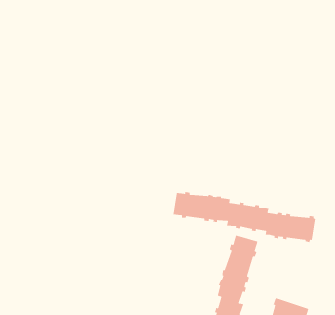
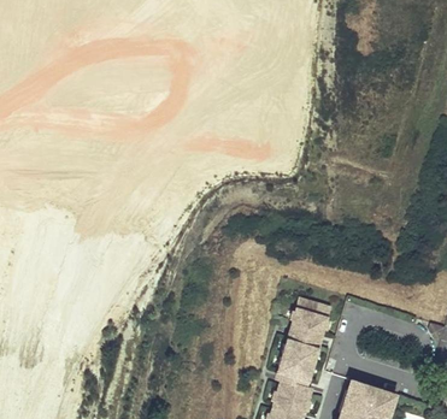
building: [173,191,316,243] -> none

